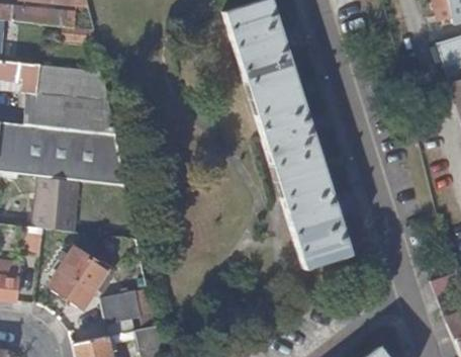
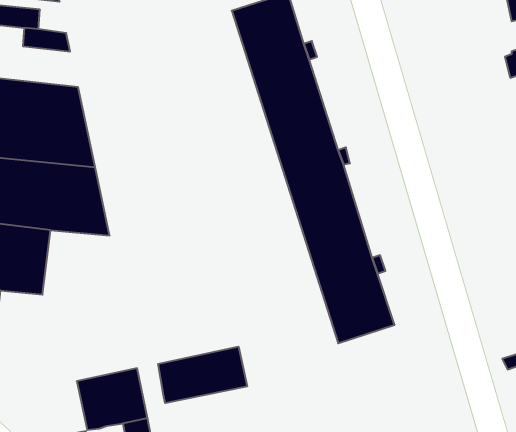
building: [49,249,114,308] -> none
building: none -> [158,347,247,403]

